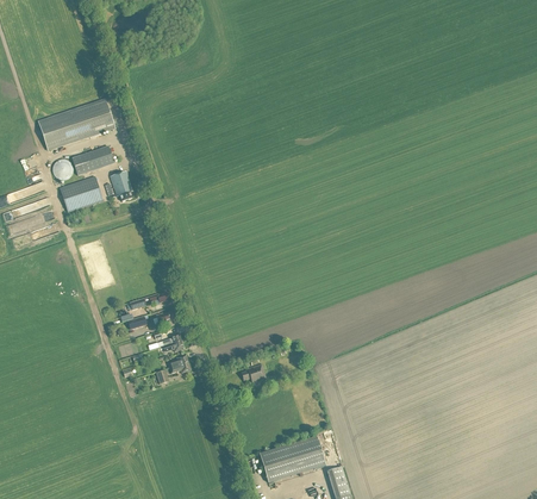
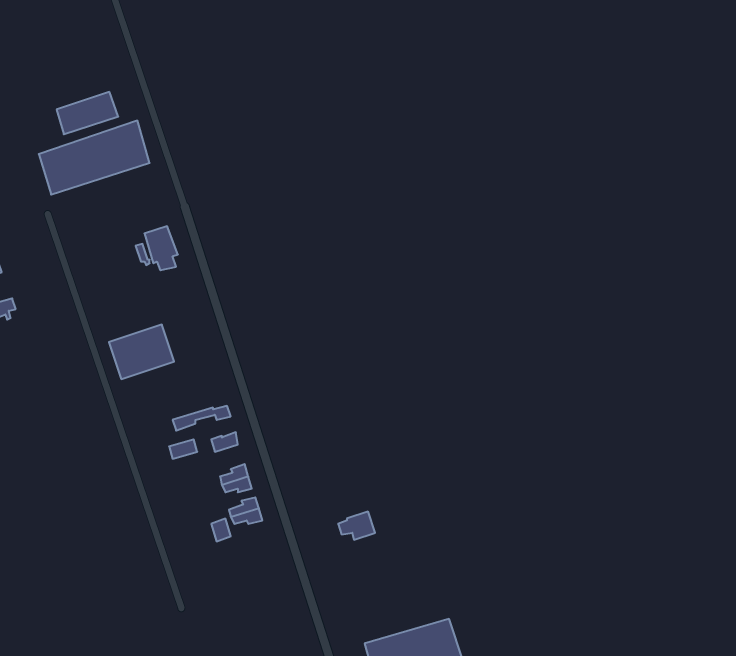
building: [71,145,113,174] -> [57,92,118,134]
building: [58,175,102,212] -> [109,325,174,379]

